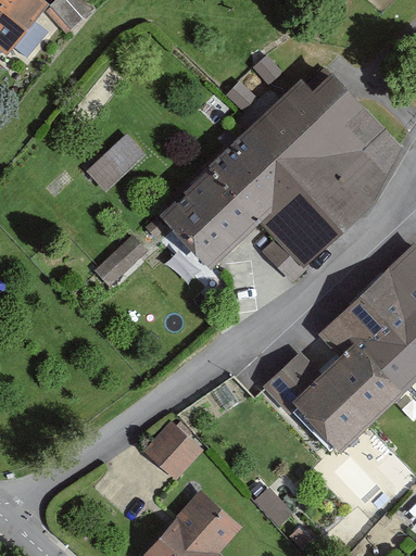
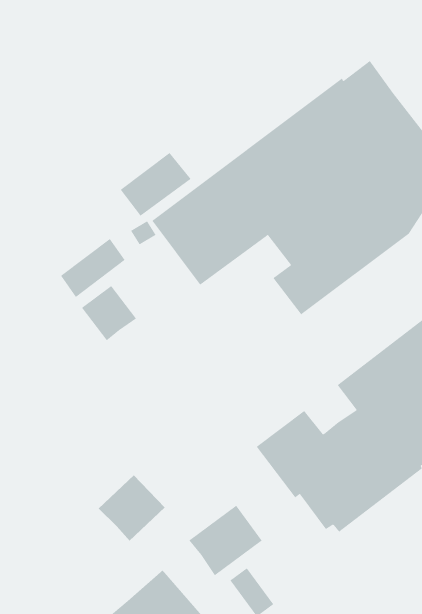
building: [87,135,143,189] -> [120,152,191,216]
building: none -> [81,285,137,341]
building: none -> [189,505,263,576]

